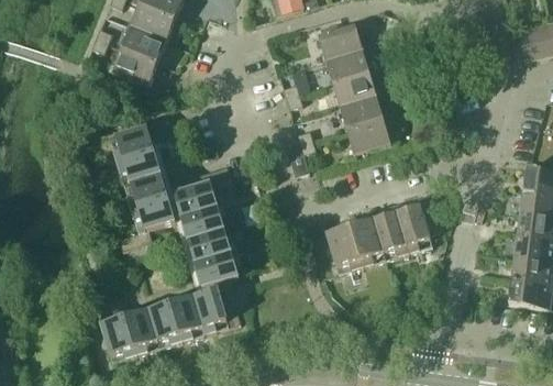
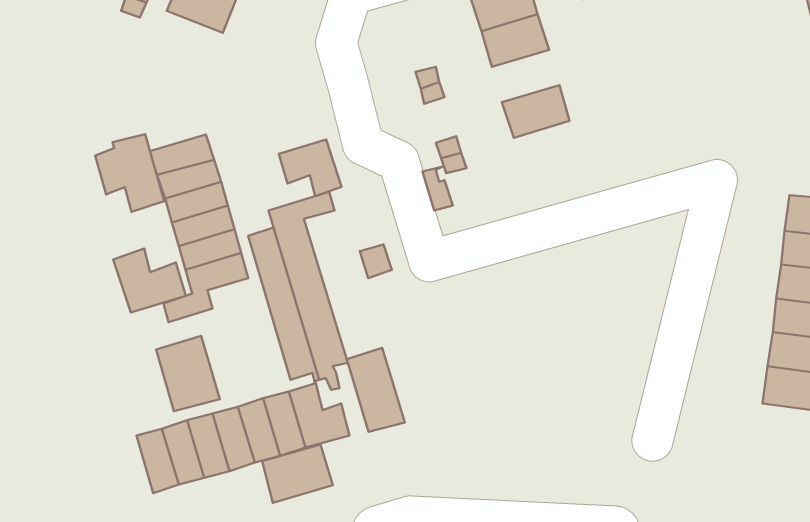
building: [112,46,157,84] -> none
building: [332,71,376,106] -> none
building: [346,118,390,152] -> none
building: none -> [95,134,164,212]
building: none -> [279,140,342,196]
building: [327,191,438,272] -> none
building: none -> [113,249,186,312]
building: none -> [156,336,220,411]
building: none -> [347,348,405,432]
building: none -> [262,444,333,503]

